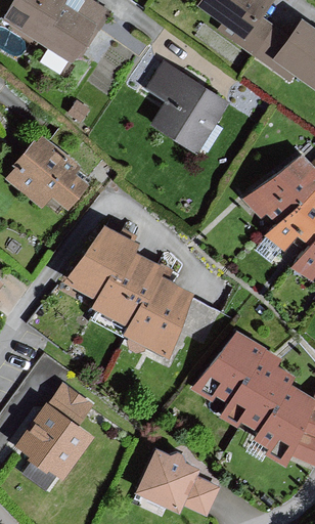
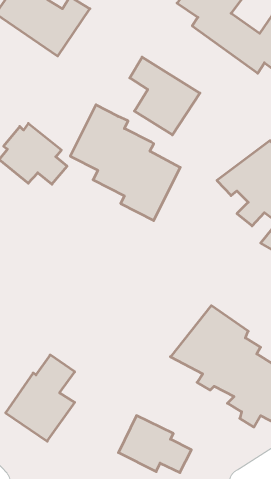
building: [72,225,190,350] -> [70,105,180,221]

